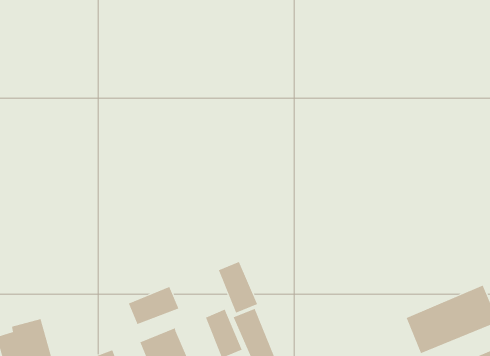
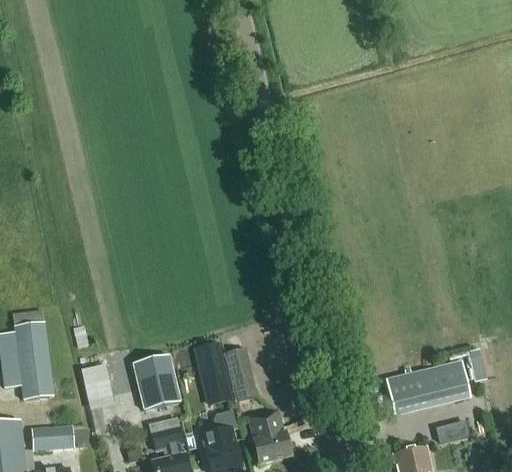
building: [218,261,258,314] -> none
building: [128,286,179,325] -> none

